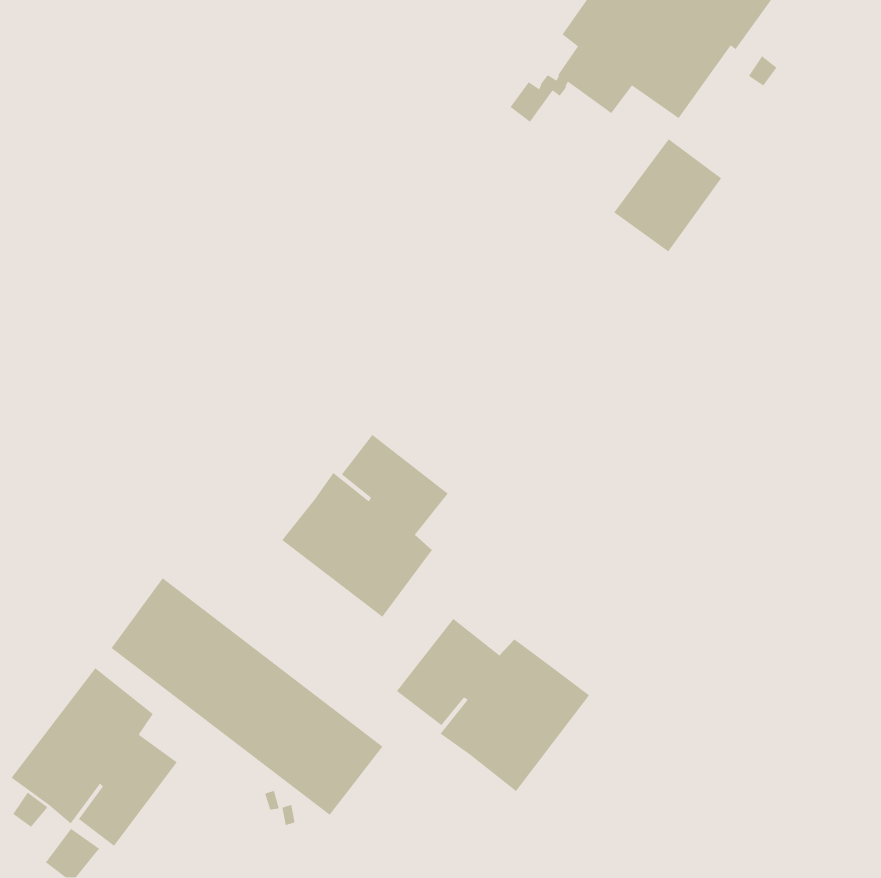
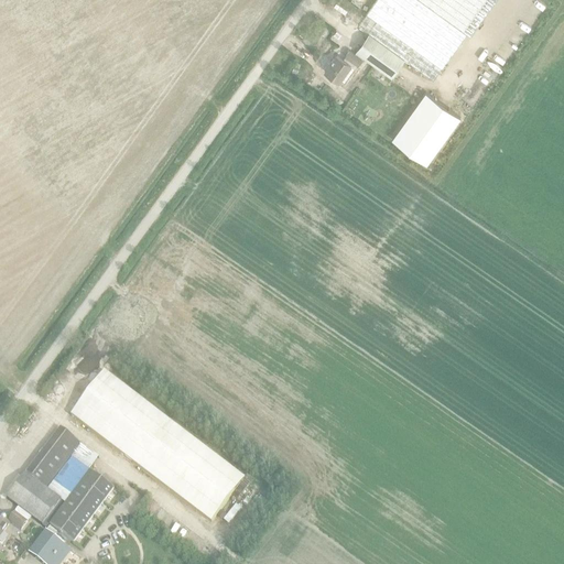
building: [281,434,449,618] -> none
building: [396,618,590,792] -> none

